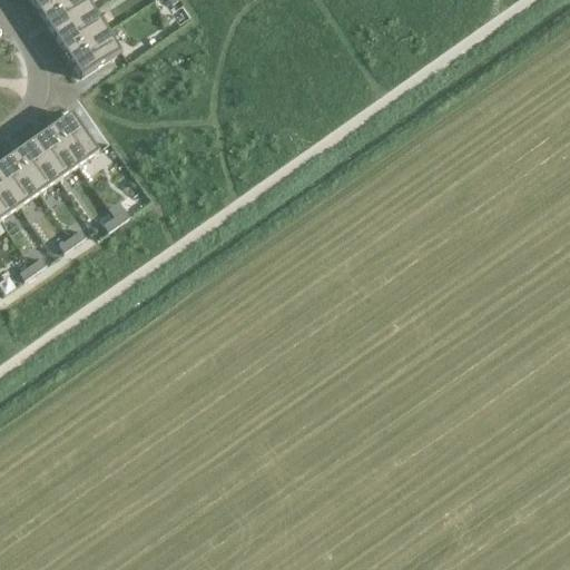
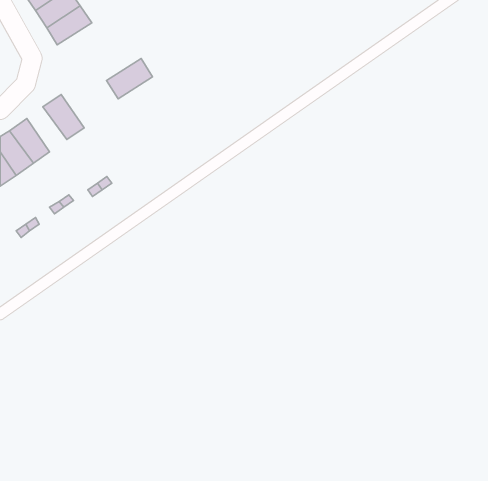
building: [67,27,120,73] -> [107,59,152,99]
building: [31,125,78,177] -> none

